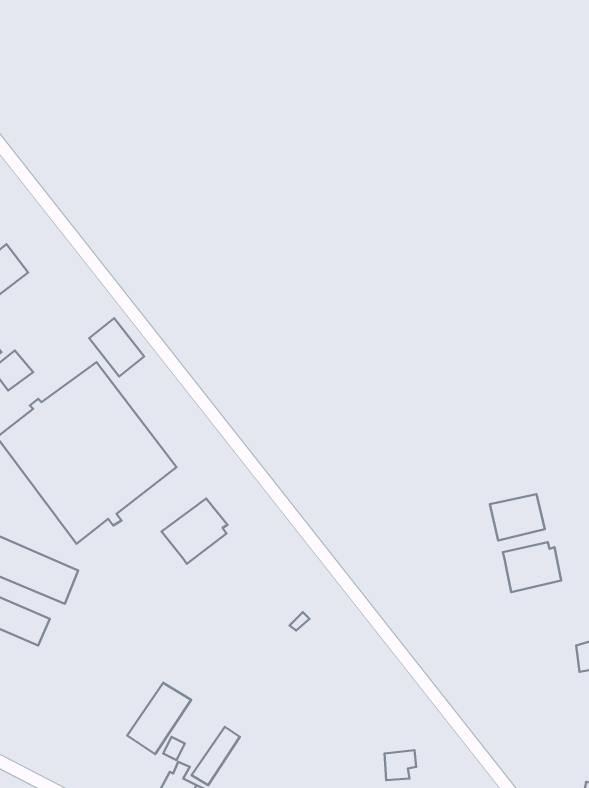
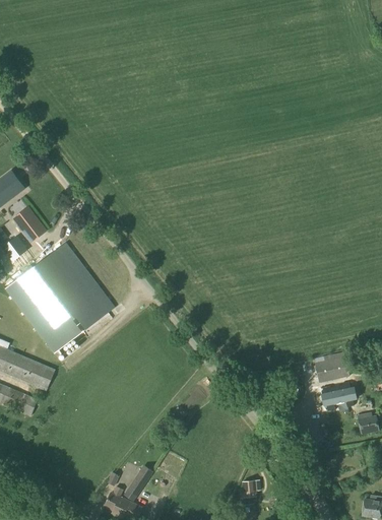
building: [89,318,144,376] -> [12,205,46,241]
building: [490,494,545,541] -> [320,382,354,410]
building: [162,498,227,564] -> none
building: [127,683,191,754] -> none

